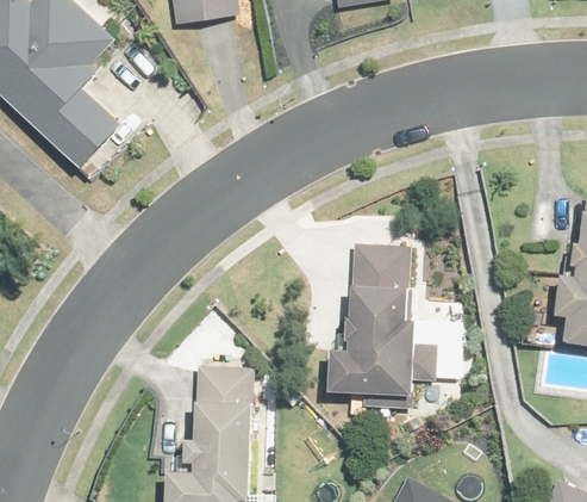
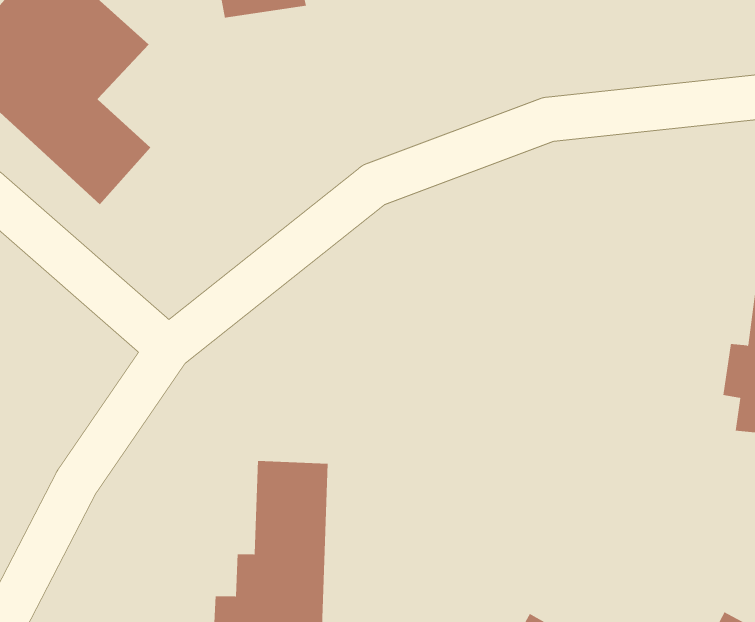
building: [330,246,433,395] -> none

